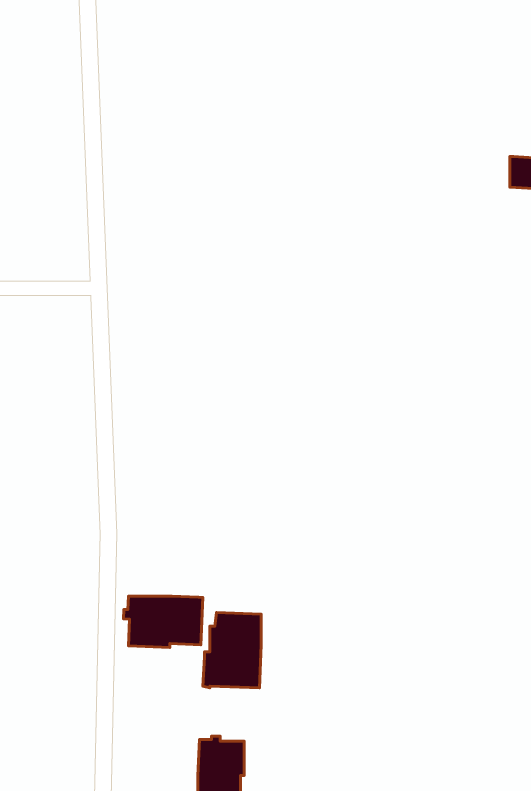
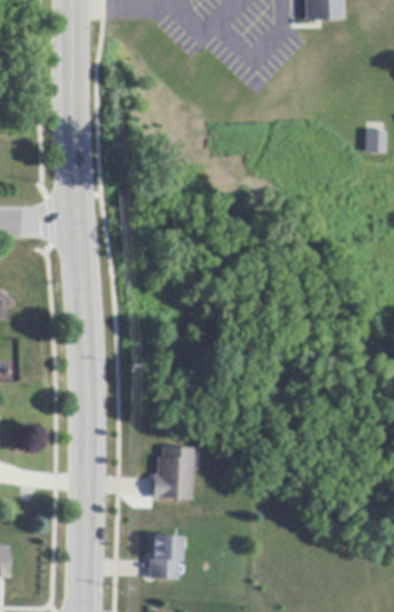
building: [123,596,203,647] -> none

